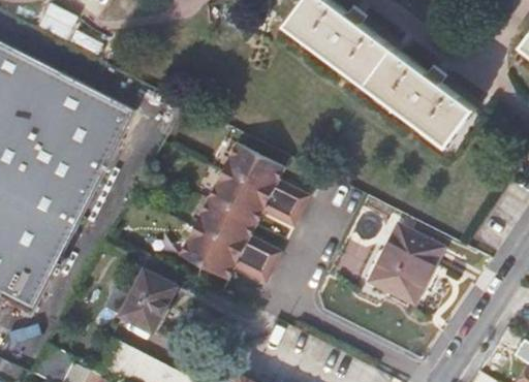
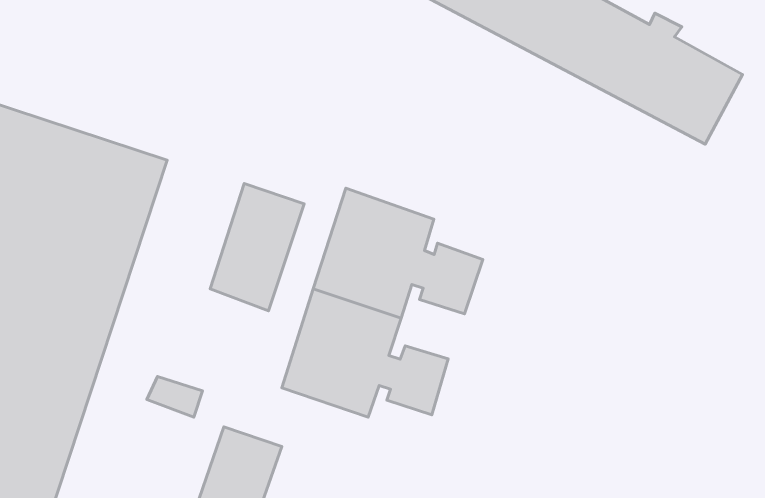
building: none -> [210,183,304,311]
building: [368,225,438,300] -> none

